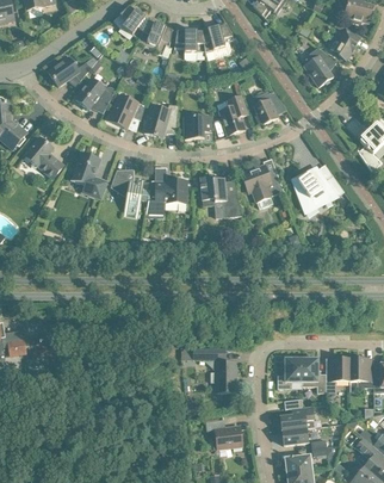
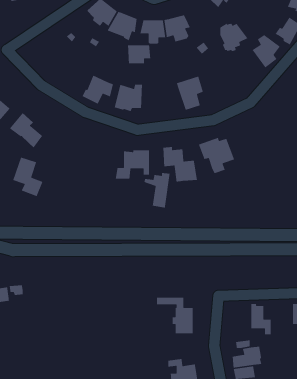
building: [48,56,97,86] -> none
building: [75,76,116,112] -> none
building: [253,91,286,124] -> [219,23,248,52]
building: [184,114,211,137] -> [127,44,151,64]
building: [72,151,107,198] -> [12,157,43,197]
building: [291,163,343,212] -> none
building: [113,174,144,216] -> [144,172,171,208]
building: [277,355,302,388] -> none
building: [326,355,349,380] -> none

